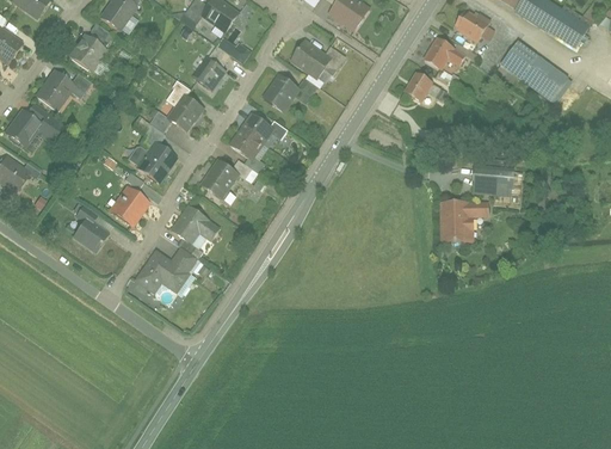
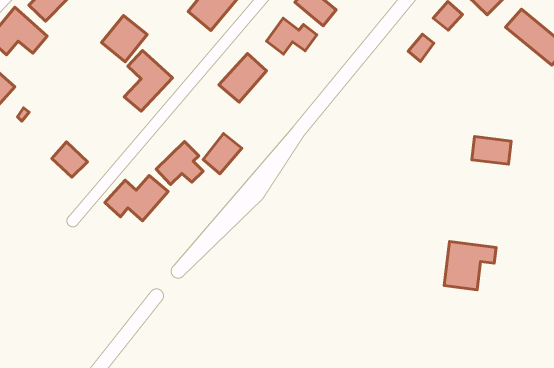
building: [166,90,209,134] -> [102,16,147,62]
building: [205,161,241,201] -> [203,133,242,174]
building: [103,184,142,226] -> none
building: [443,198,488,241] -> [444,242,496,290]

